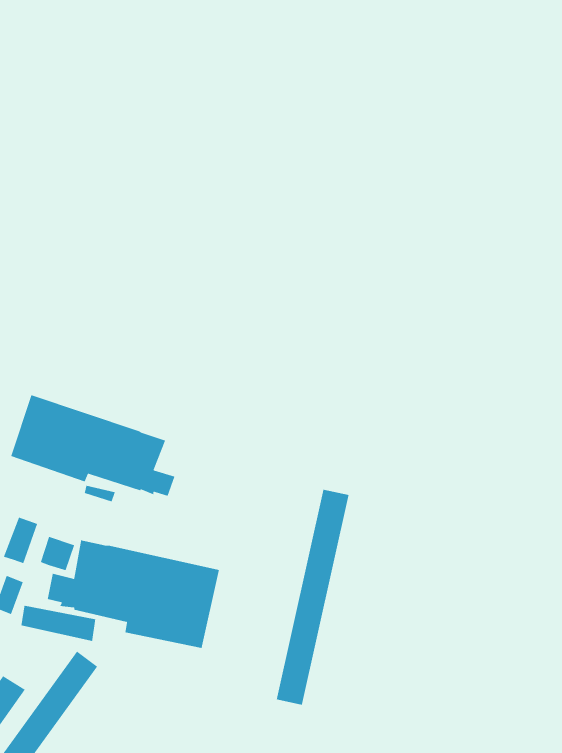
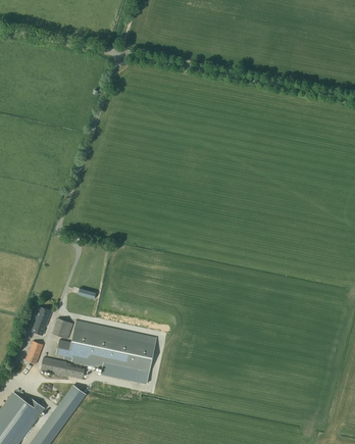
building: [10,394,176,497] -> none
building: [276,489,350,705] -> none

